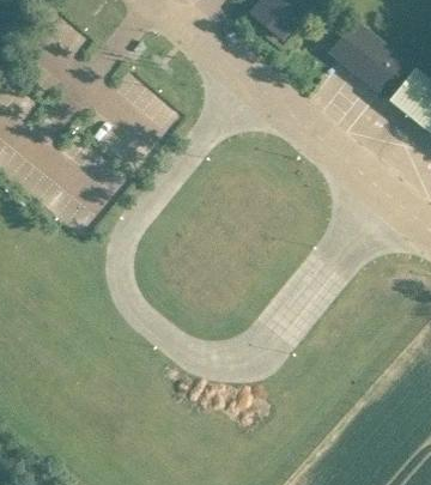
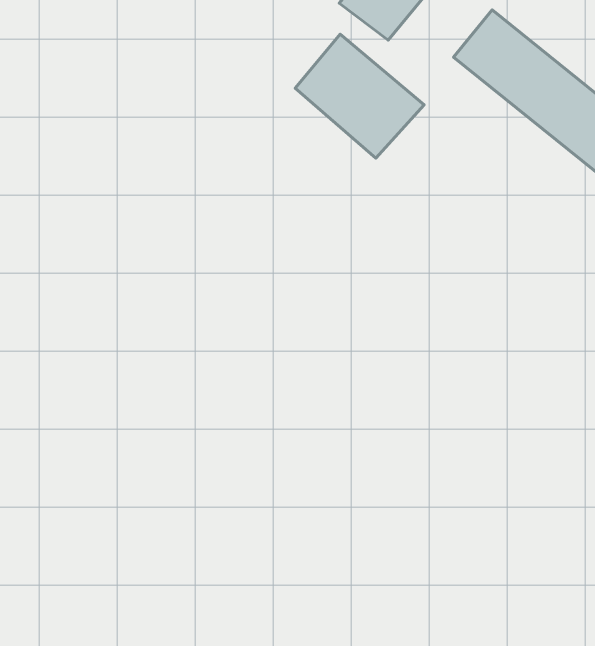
building: none -> [295,34,424,158]

